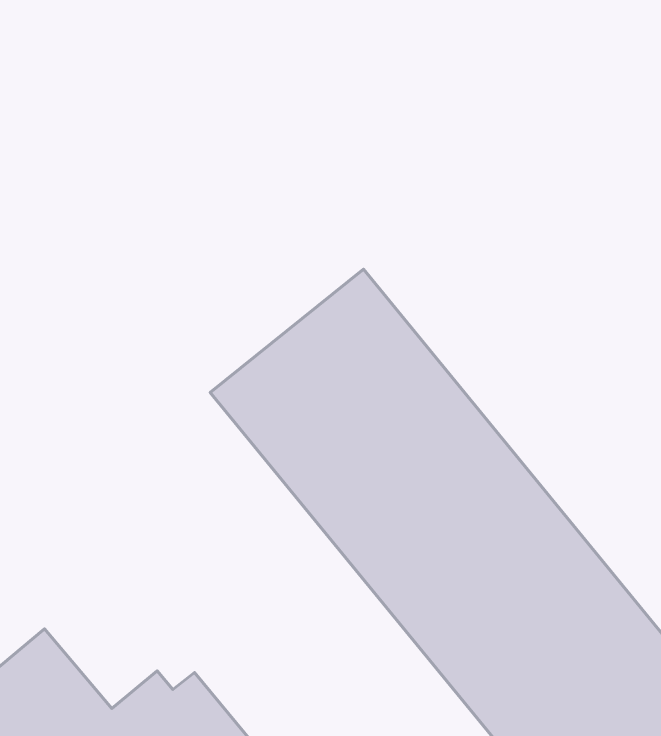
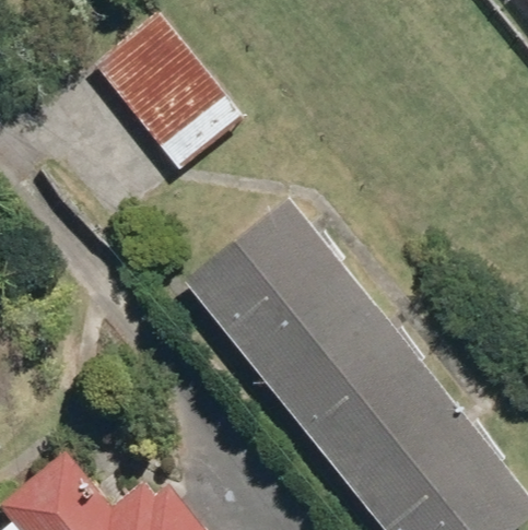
building: none -> [91,14,244,174]

